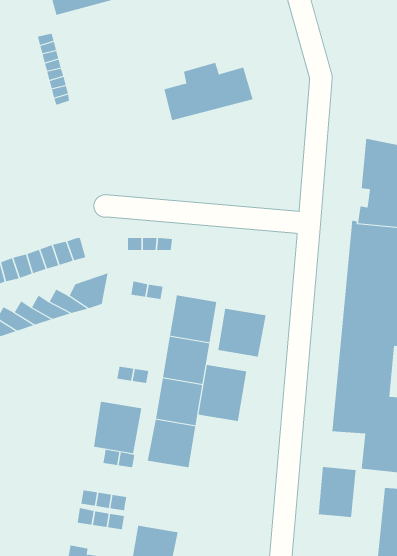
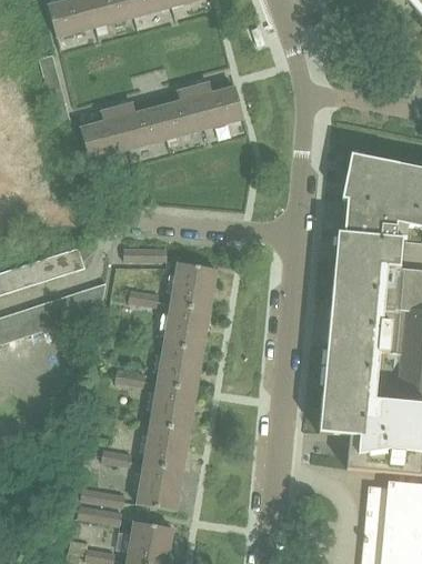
building: none -> [81,102,167,158]
building: [217,308,267,357] -> [171,262,218,309]
building: [198,364,247,422] -> none
building: [93,401,142,454] -> [137,460,183,510]
building: [318,466,356,518] -> none

